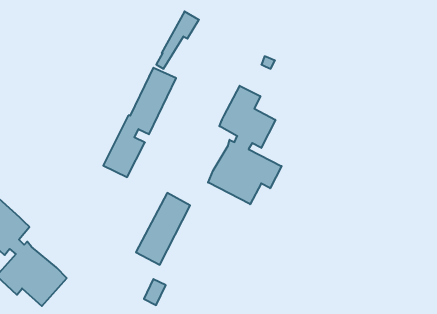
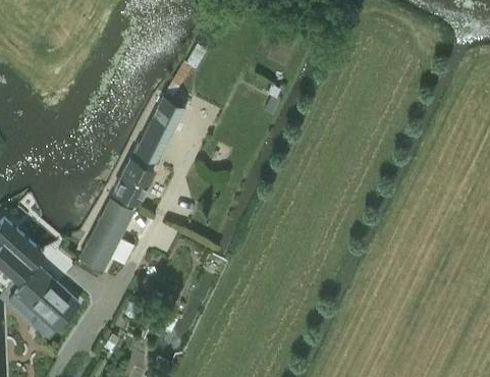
building: [208,86,282,204] -> none
building: [136,193,190,265] -> [78,202,131,272]

